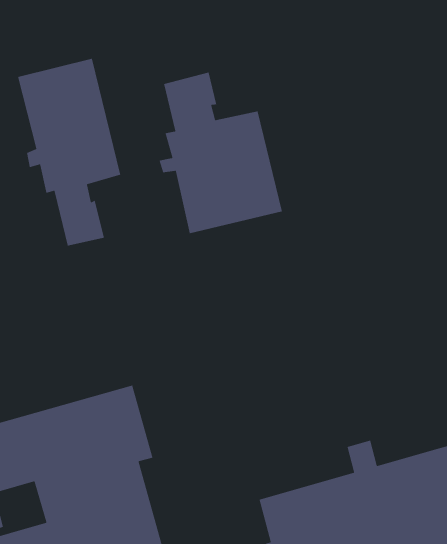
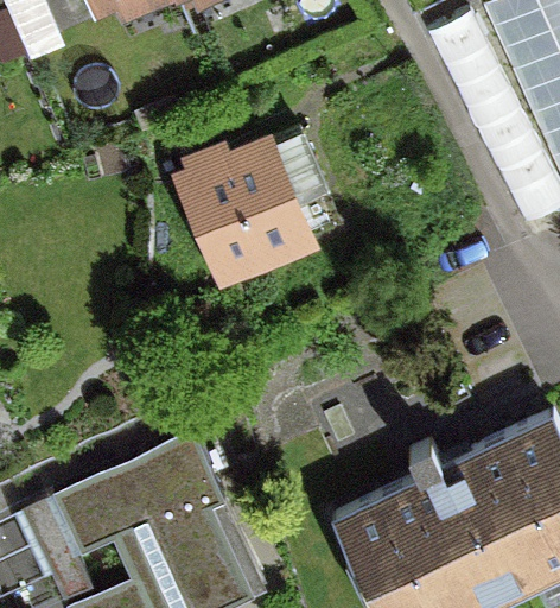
building: [17,58,121,246] -> none

